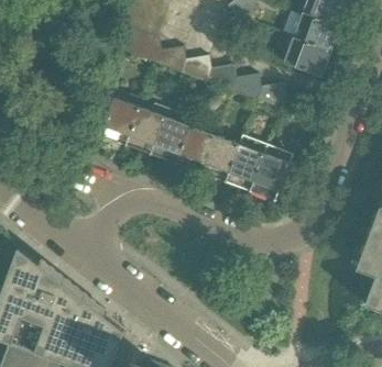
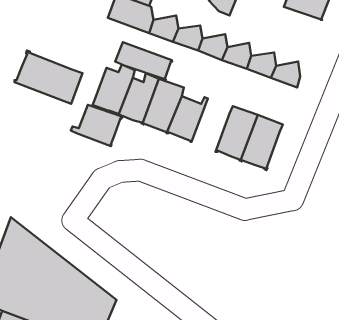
building: [283,33,331,76] -> none
building: none -> [115,42,172,79]
building: none -> [14,51,83,104]
building: none -> [71,105,123,146]
building: [199,134,238,181] -> none

